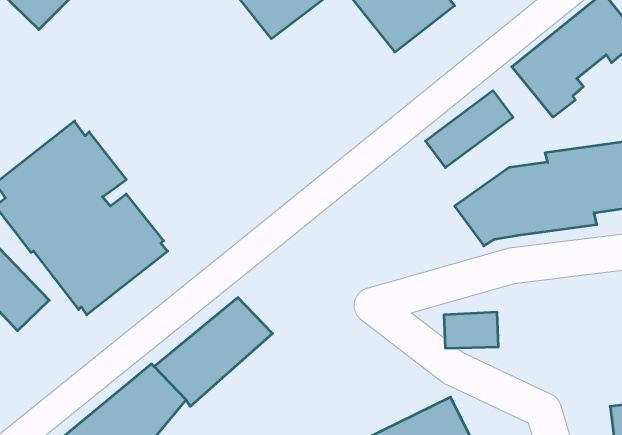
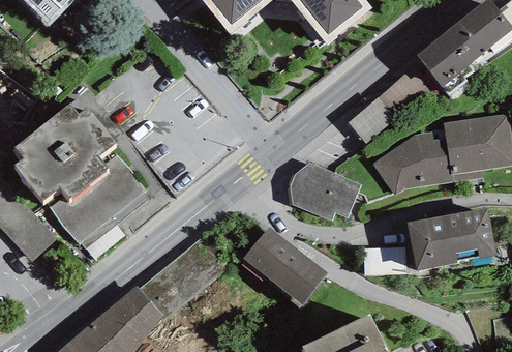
building: none -> [289,163,361,223]
building: none -> [406,208,495,271]
building: none -> [241,227,327,309]

